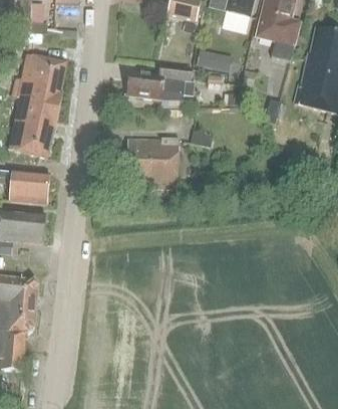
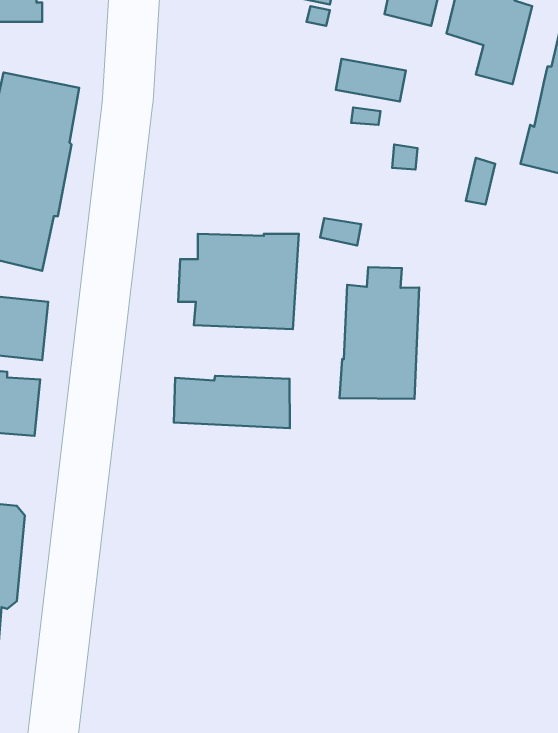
building: [126,64,191,98] -> none
building: none -> [340,267,419,399]
building: none -> [174,376,290,428]

